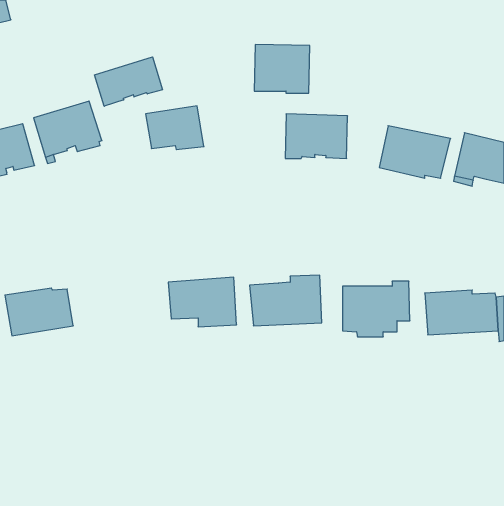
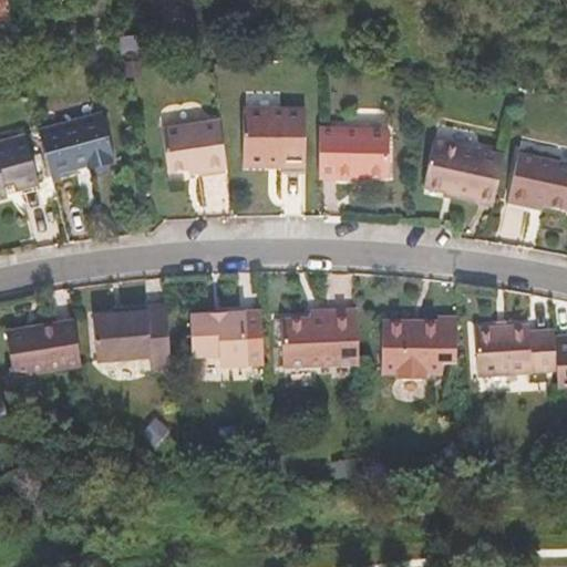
building: [254,45,310,93] -> [245,110,307,164]
building: [95,57,162,106] -> none
building: none -> [92,309,167,369]

